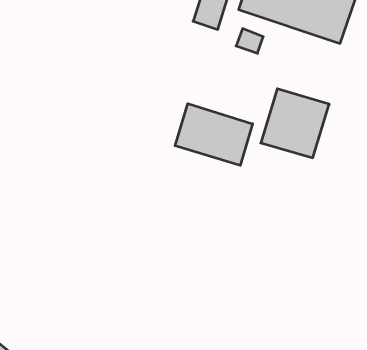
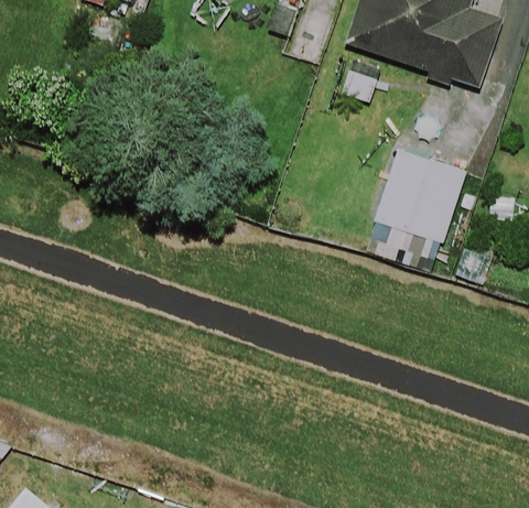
building: [175,104,253,165] -> none

